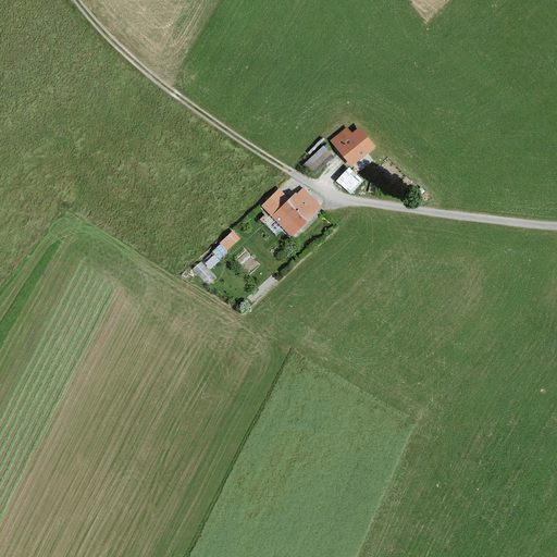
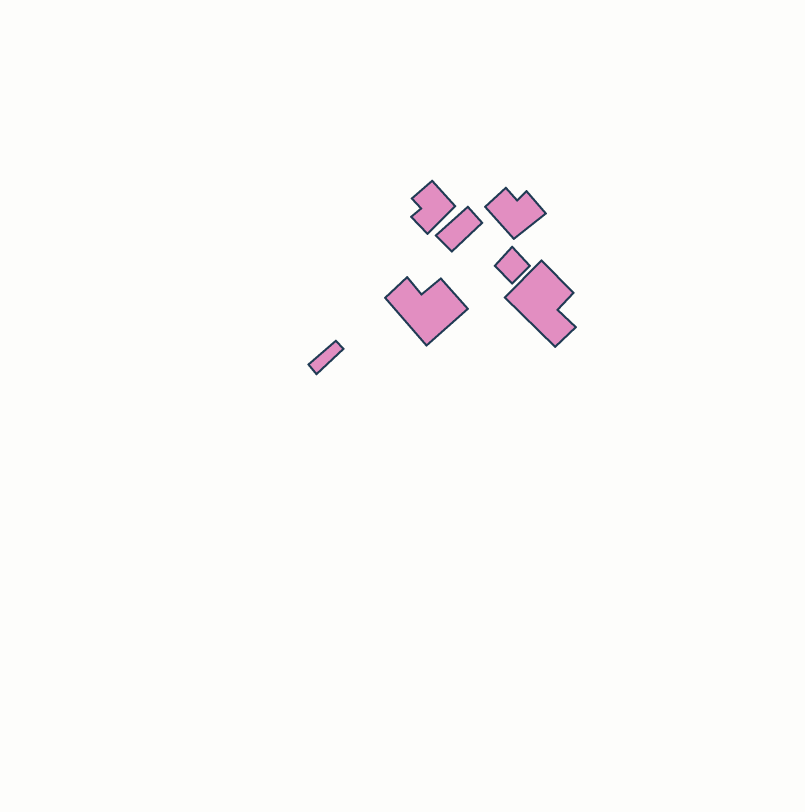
building: none -> [411,181,455,234]
building: none -> [505,261,576,347]

